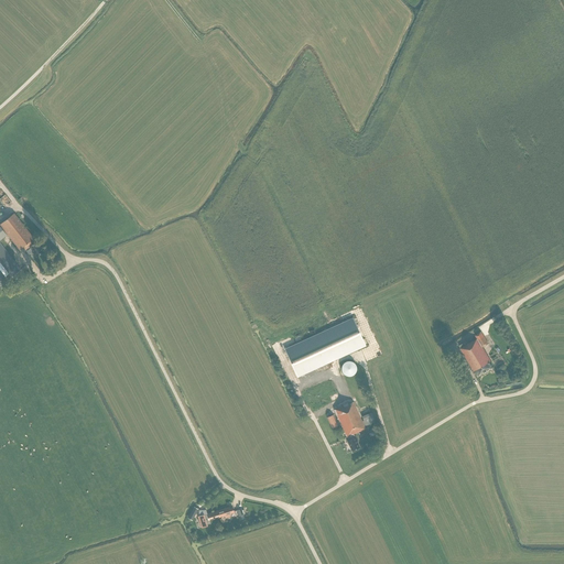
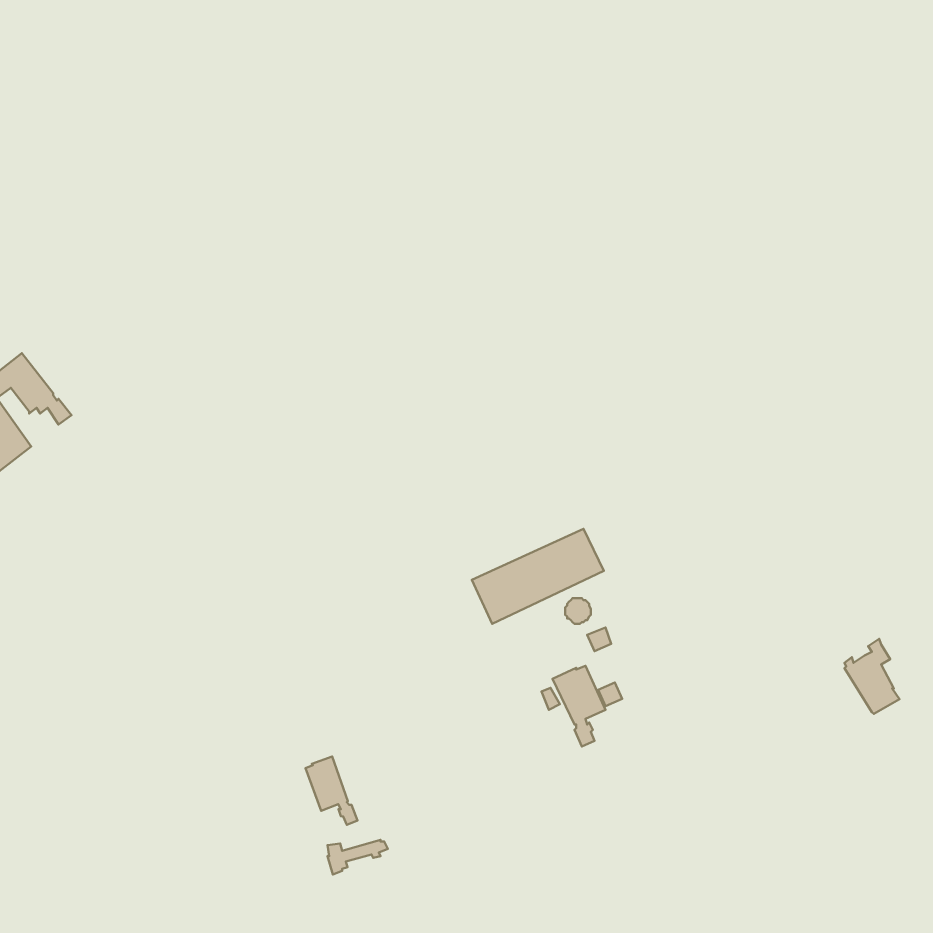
building: [459,330,492,376] -> [844,639,899,714]
building: none -> [305,756,357,825]

